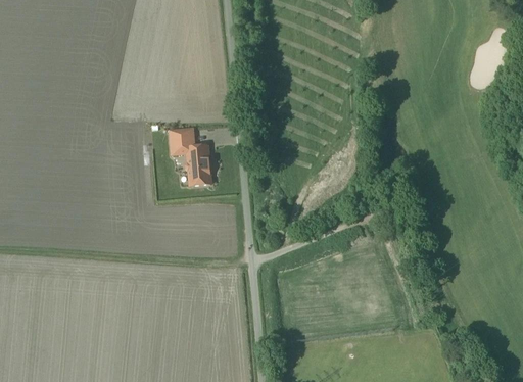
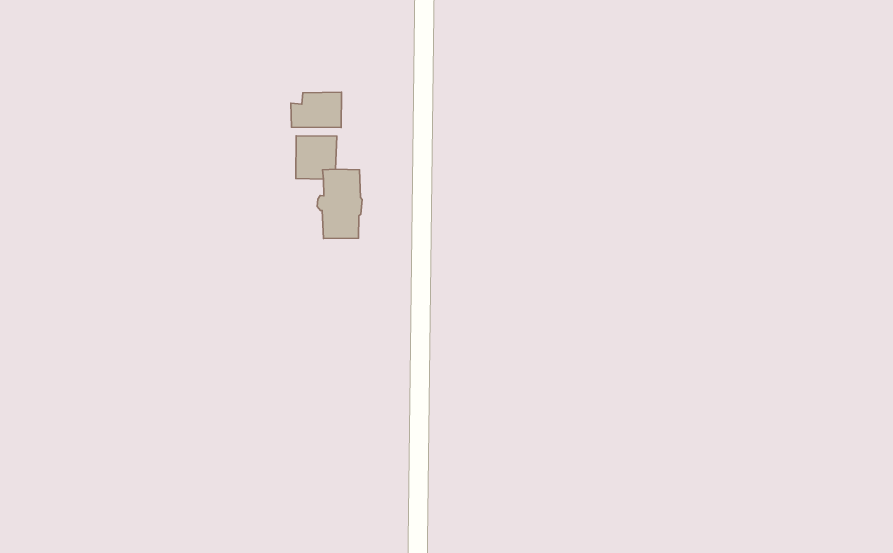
building: none -> [291,92,341,128]

